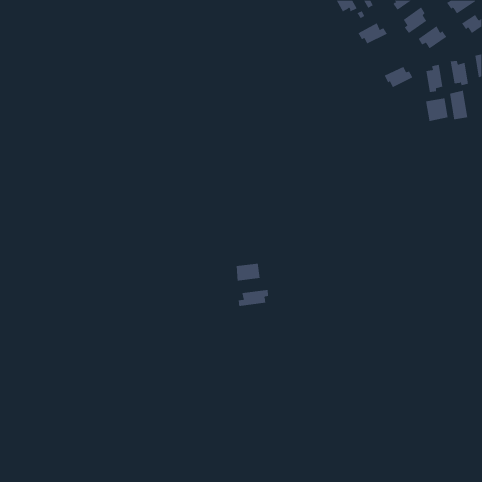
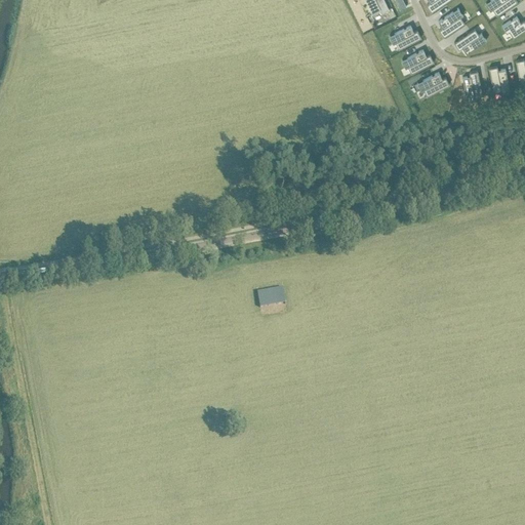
building: none -> [401,49,434,73]
building: [449,90,468,120] -> none
building: [426,97,448,122] -> none
building: [238,289,269,307] -> none

